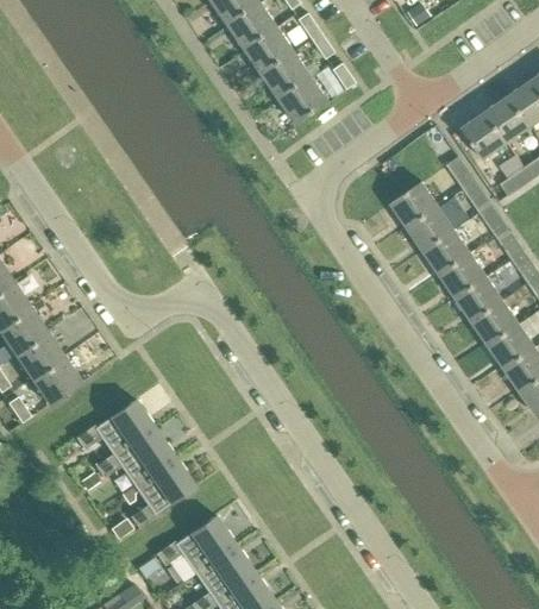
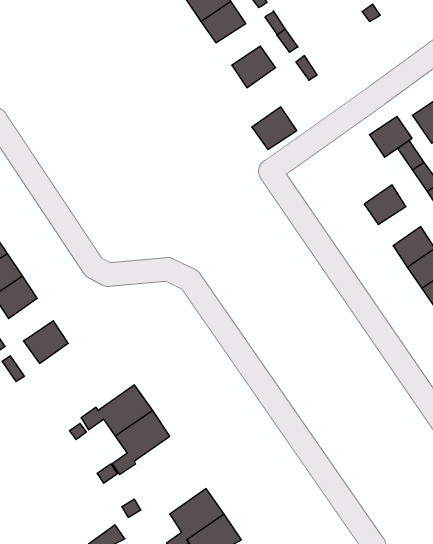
building: [244,27,294,74] -> none
building: [278,76,328,124] -> [252,107,297,150]
building: [393,183,440,228] -> [369,117,412,157]
building: [425,231,472,275] -> none
building: [13,333,63,381] -> none
building: [74,401,153,458] -> none
building: [155,516,233,573] -> none

